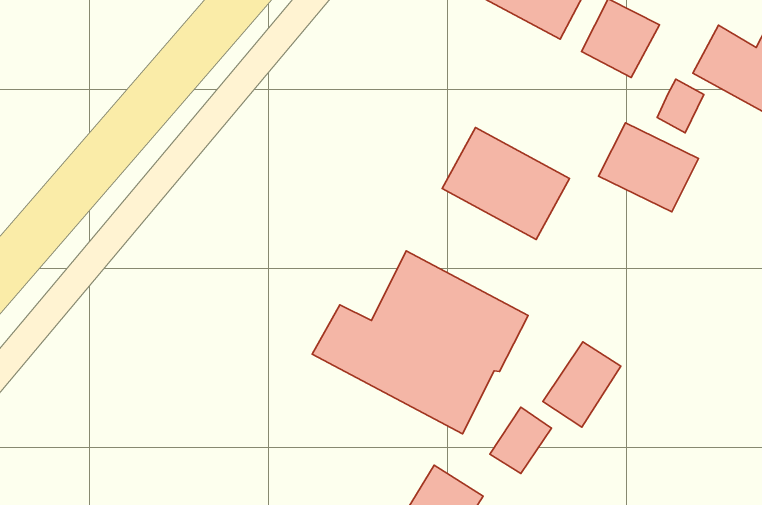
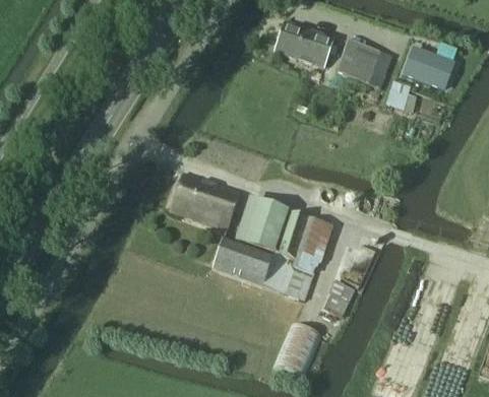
building: [599,123,699,212] -> none
building: [442,127,569,239] -> [170,172,241,229]
building: [543,342,621,427] -> none

